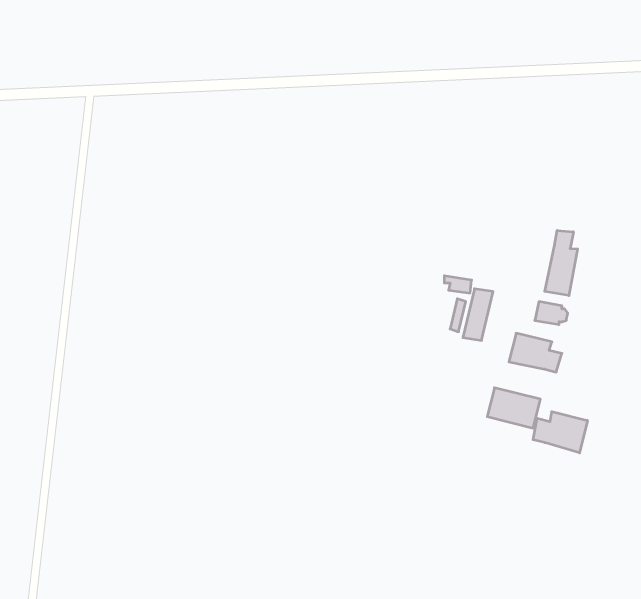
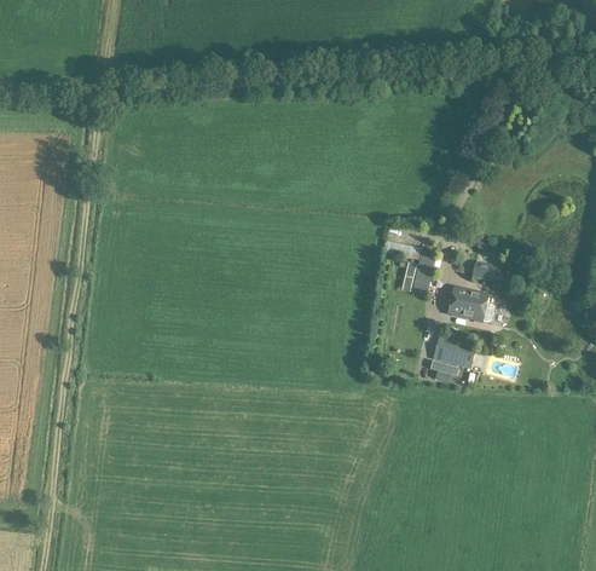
building: [545,230,578,296] -> none
building: [533,412,587,453] -> none

